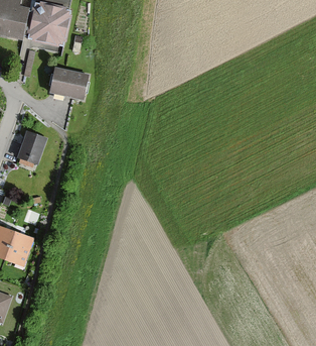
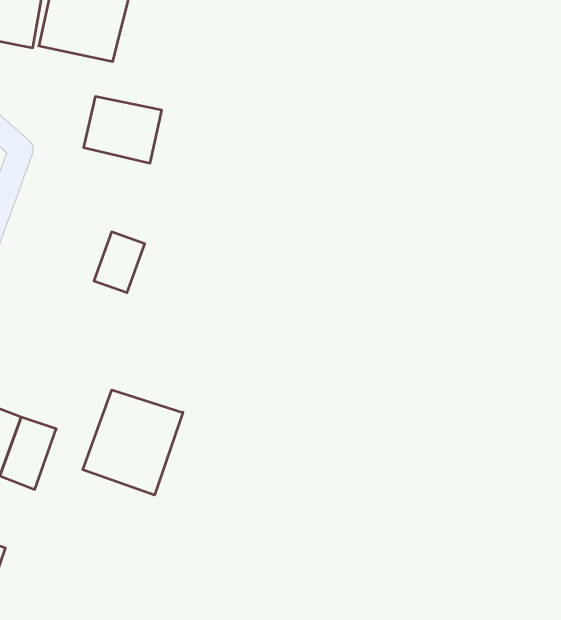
building: [19,134,45,165] -> [94,232,145,293]
building: none -> [83,390,183,495]

